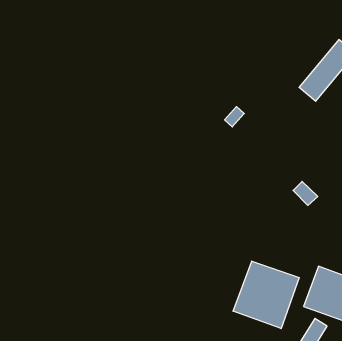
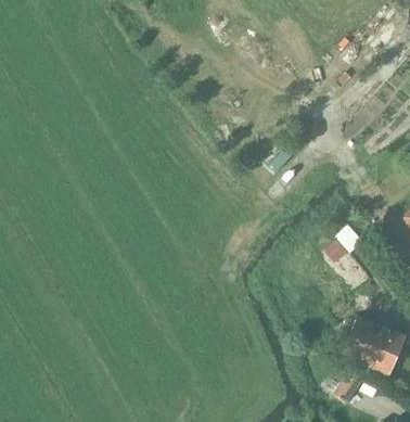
building: [233,261,299,329] -> none

